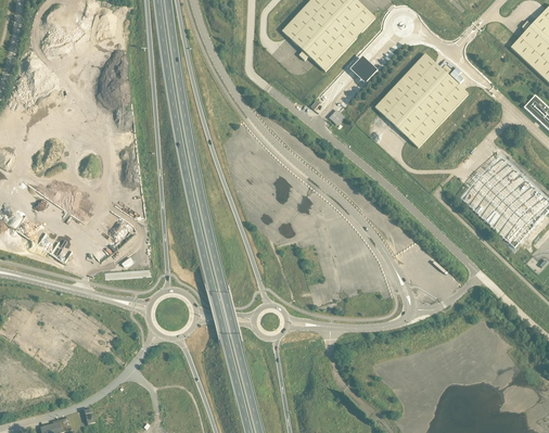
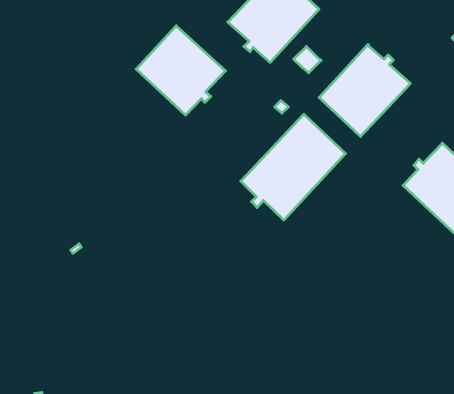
building: none -> [136,26,226,115]
building: none -> [241,114,346,220]

